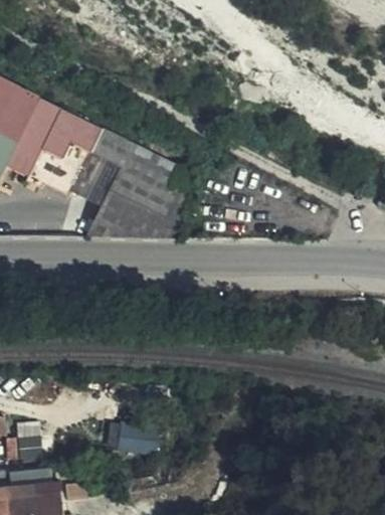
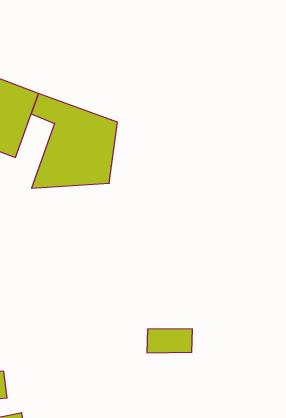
building: [97,422,150,453] -> [147,329,192,353]

